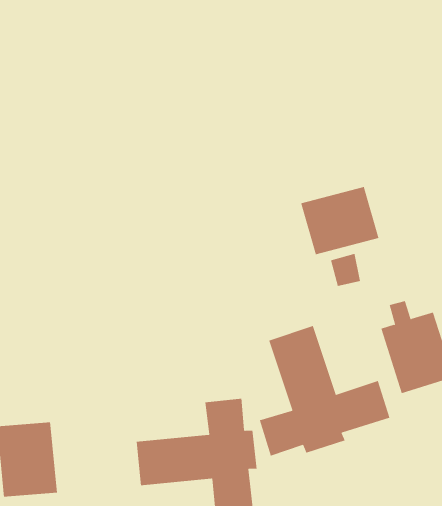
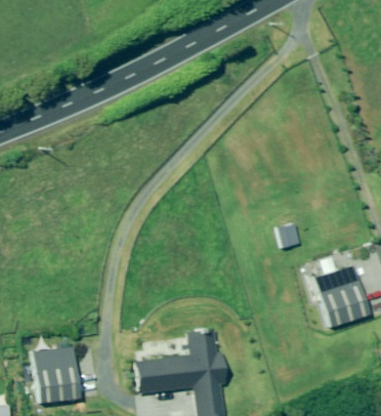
building: [301,186,379,255] -> none
building: [259,325,390,457] -> none

